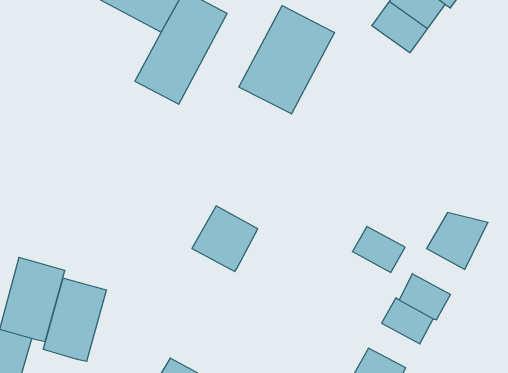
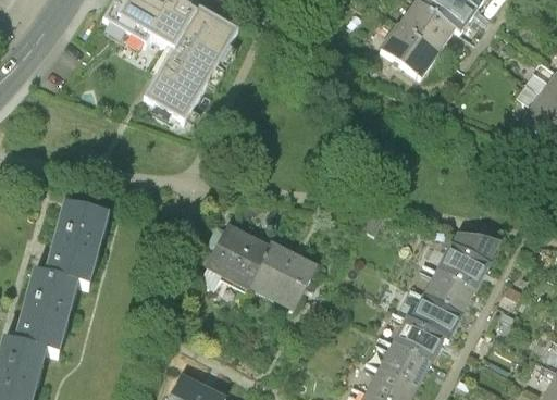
building: [239,6,335,114] -> none
building: none -> [248,243,314,311]
building: [352,226,405,272] -> [422,267,474,313]
building: [43,278,107,361] -> [44,209,107,291]
building: none -> [379,341,430,386]

